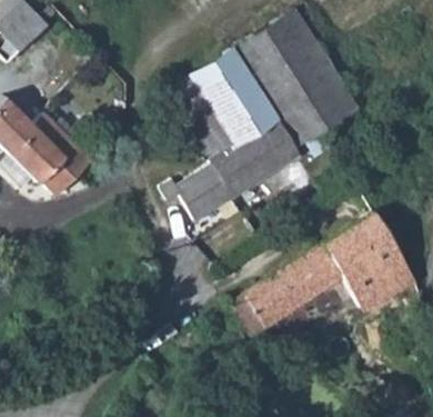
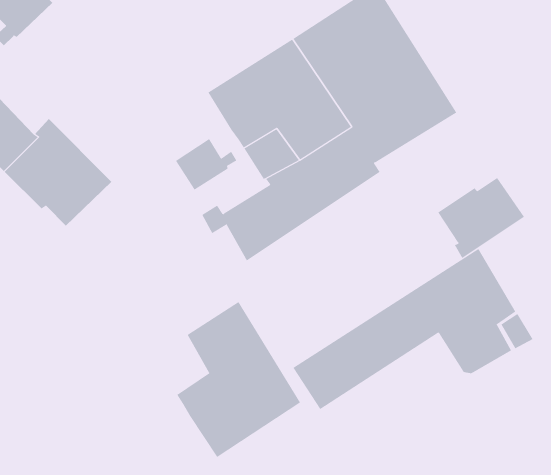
building: none -> [175,138,237,191]
building: none -> [437,177,525,259]
building: none -> [177,301,301,458]

